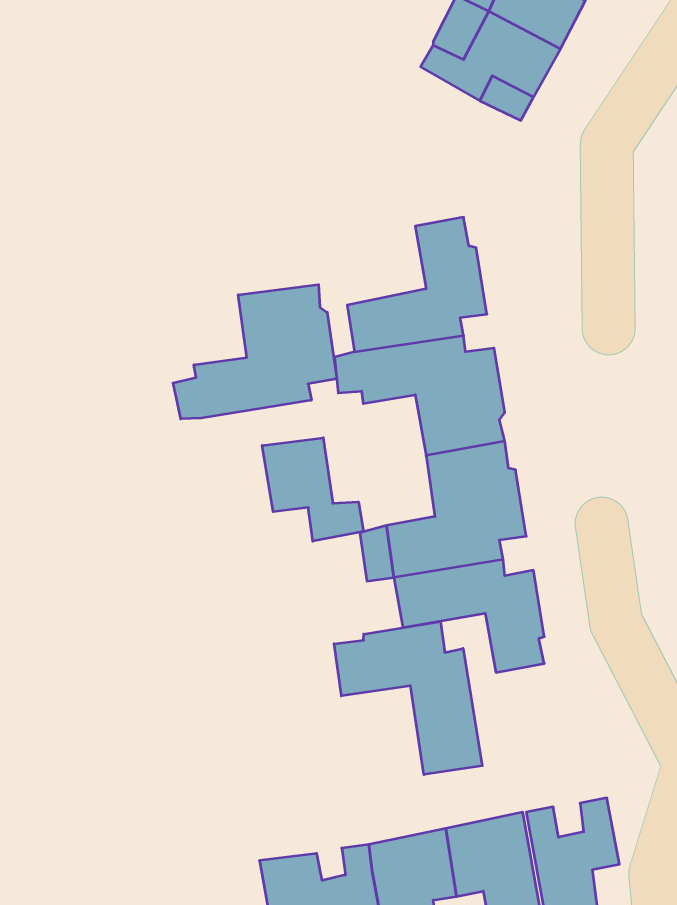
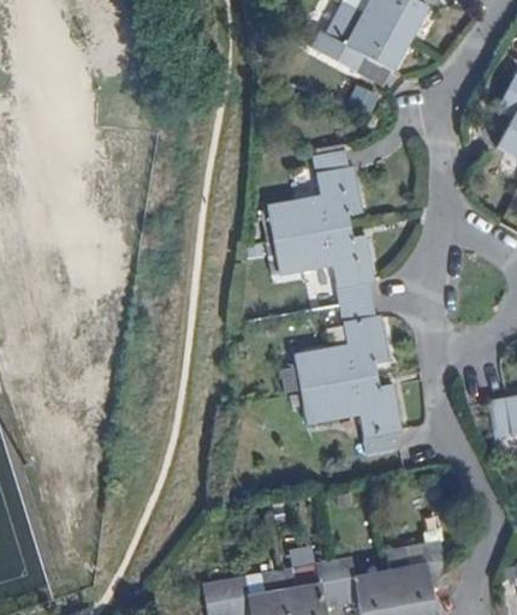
building: [173,285,337,419] -> none
building: [262,438,364,541] -> none
building: [334,621,482,775] -> none

